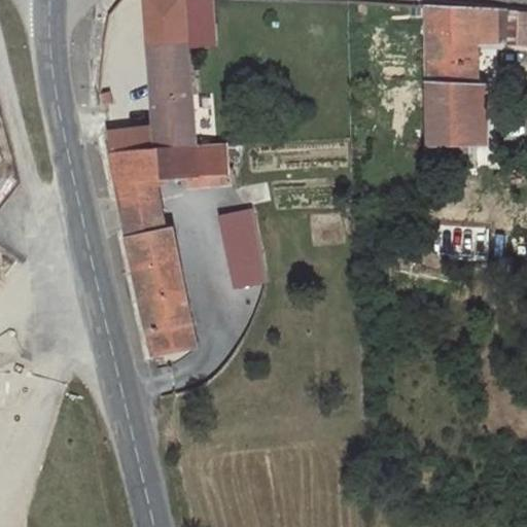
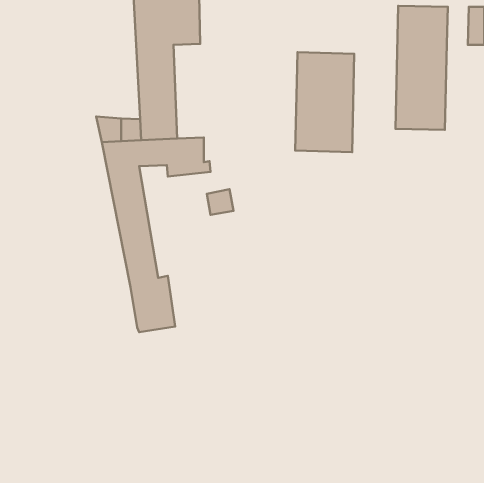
building: [483,7,506,48] -> none
building: none -> [295,52,354,152]
building: [227,227,262,285] -> none

